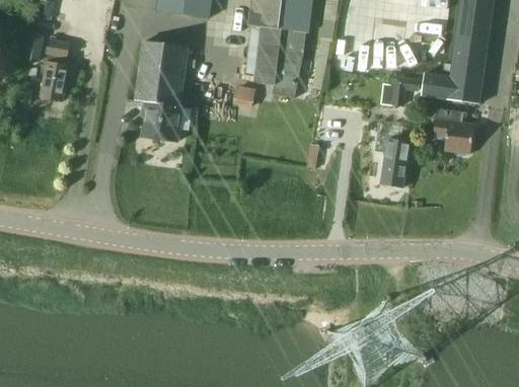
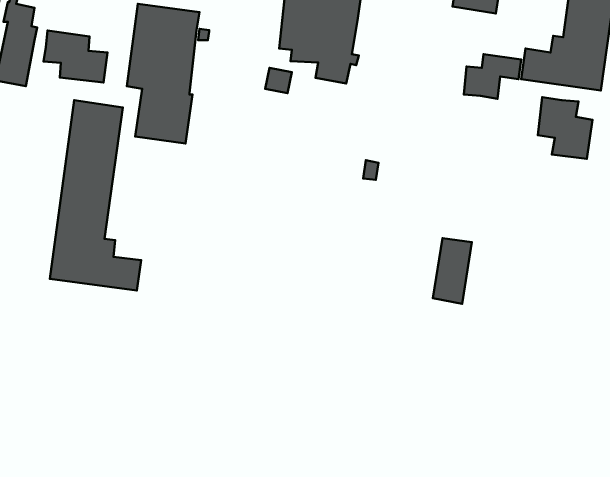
building: none -> [43,31,107,82]
building: none -> [50,100,141,290]
building: [380,139,409,186] -> [433,238,472,304]

